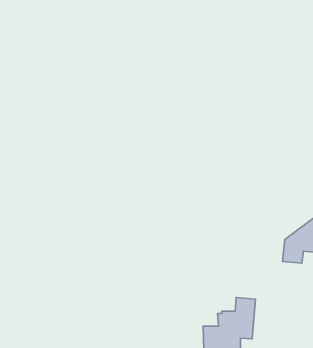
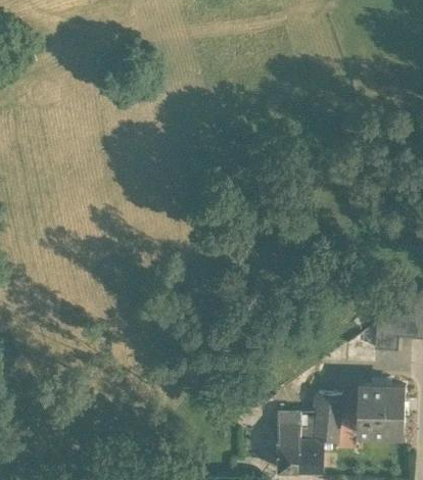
building: none -> [355,383,403,433]

